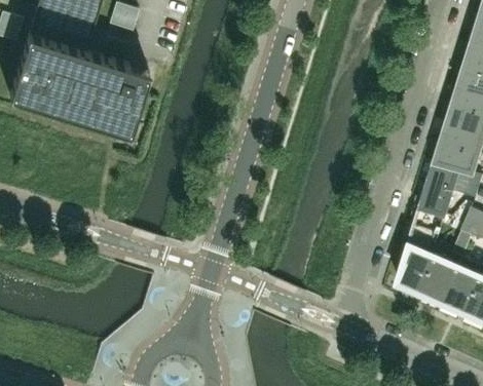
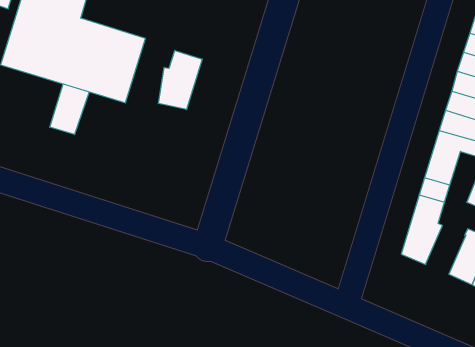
building: none -> [158,50,202,110]
building: none -> [50,84,89,135]
building: [421,257,460,304] -> none

